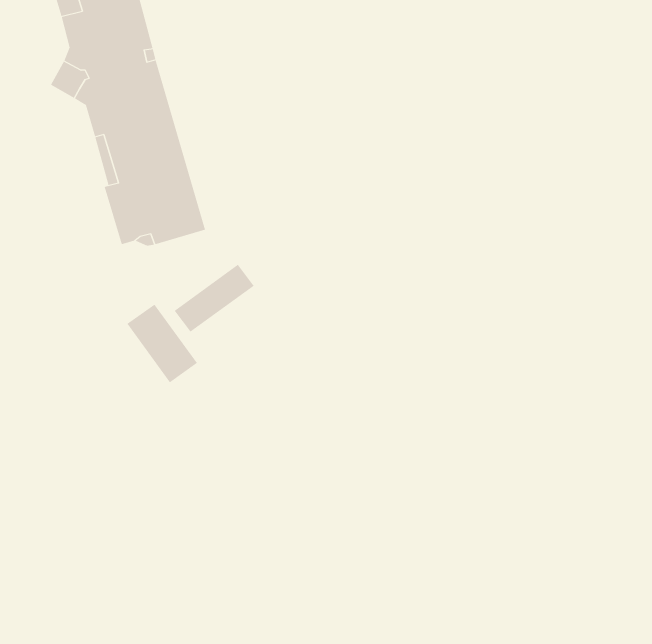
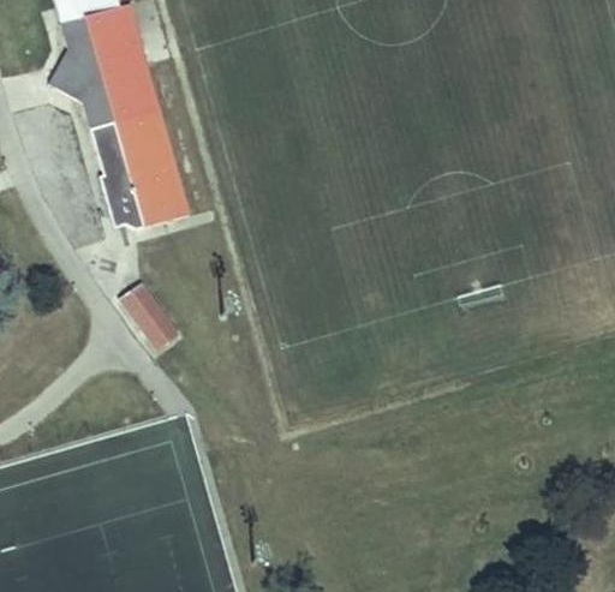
building: [174,264,254,333] -> none

